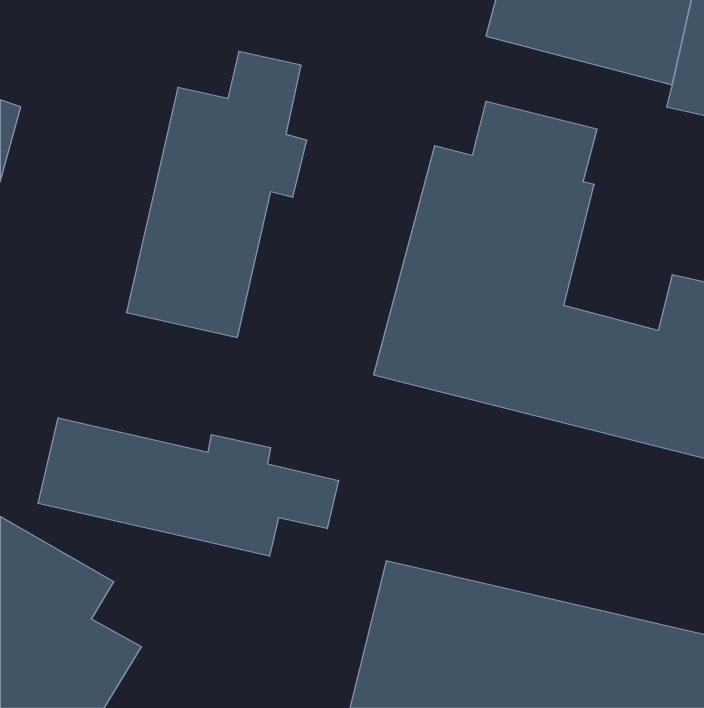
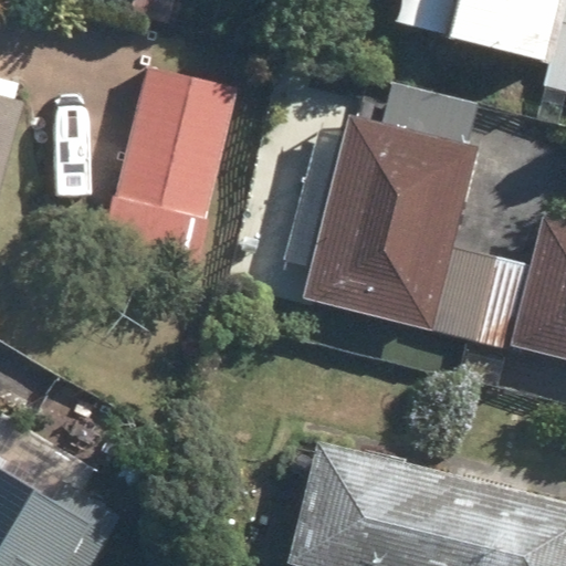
building: [38,418,339,556] -> none

